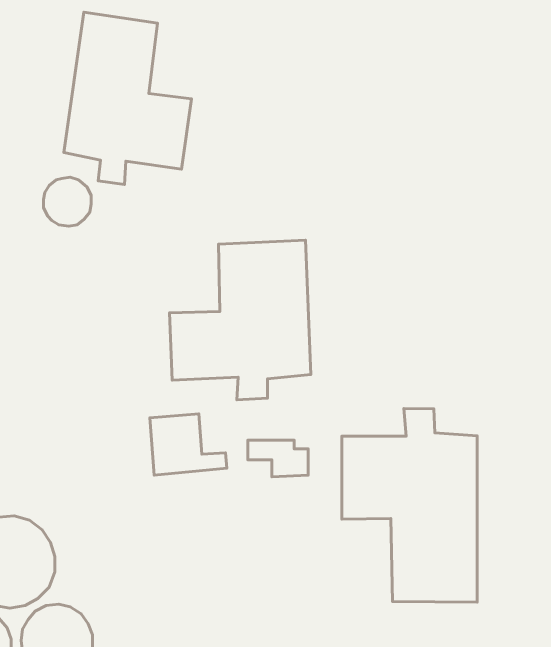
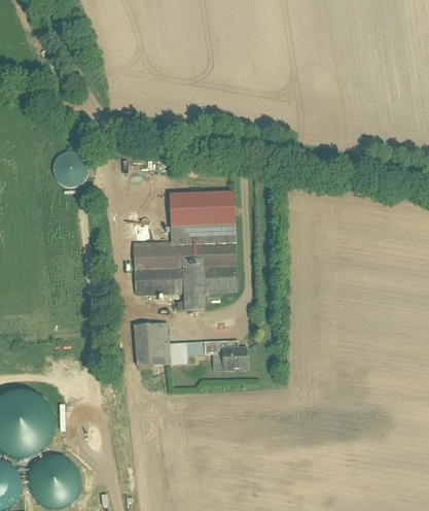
building: [64,12,192,185] -> none
building: [342,409,477,602] -> none

